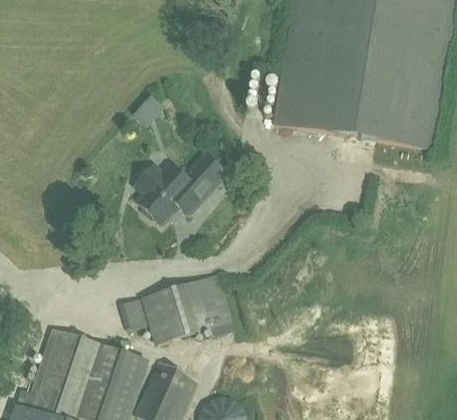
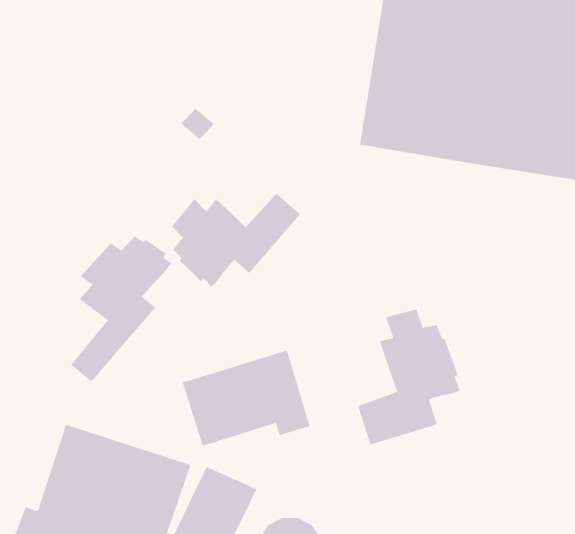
building: none -> [70,236,172,383]
building: none -> [357,309,461,446]
building: [117,298,145,331] -> none

